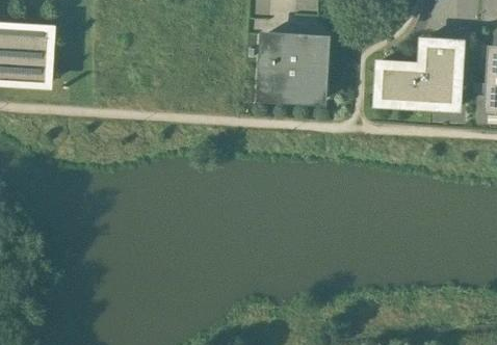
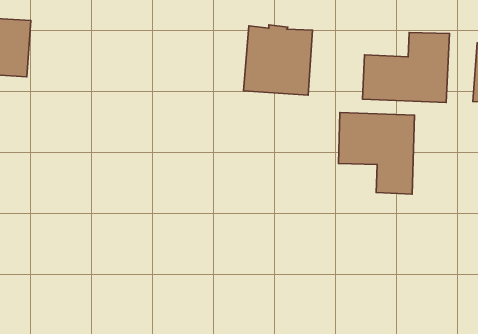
building: none -> [338,112,415,194]

